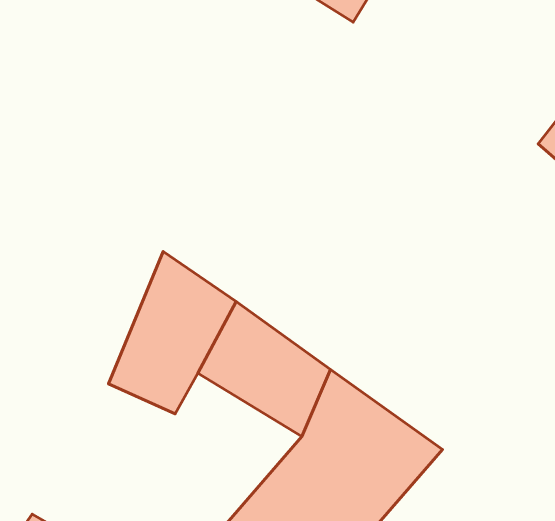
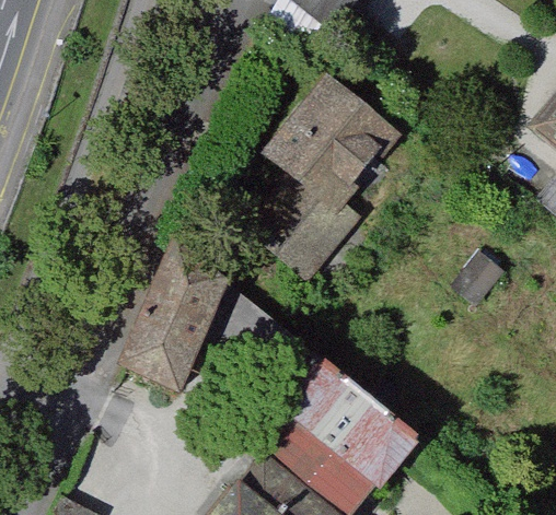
building: none -> [225,72,391,290]

